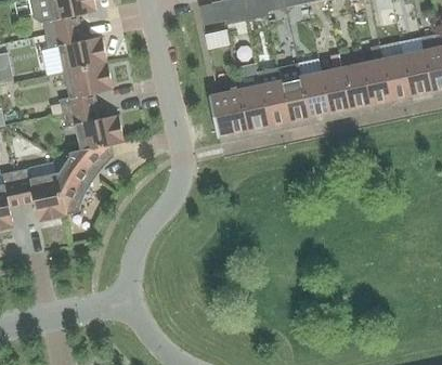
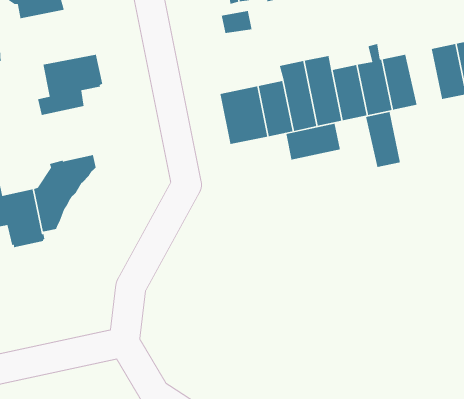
building: [44,26,107,70] -> none
building: [361,57,390,104] -> [365,111,401,168]
building: [62,105,124,149] -> none
building: none -> [285,123,341,160]

